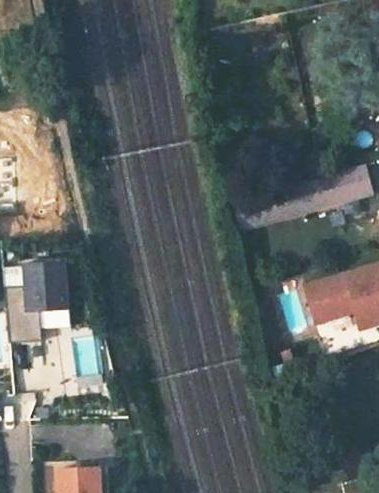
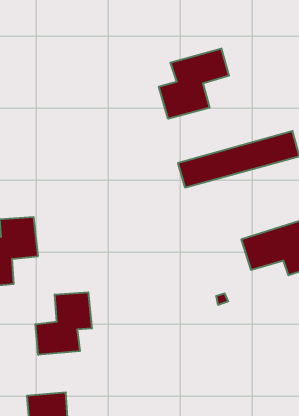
building: none -> [159,48,229,119]
building: none -> [36,292,92,355]

